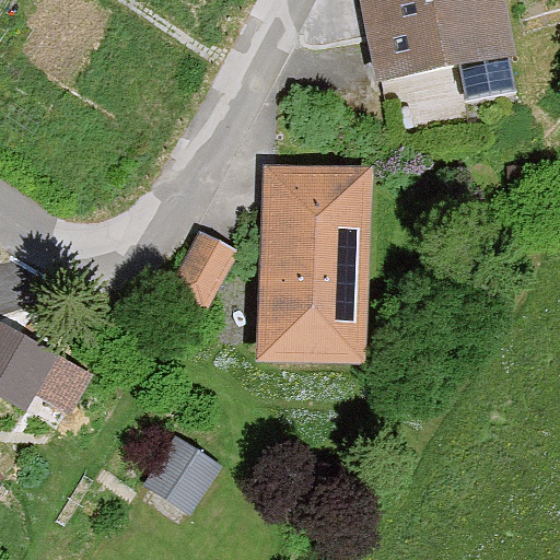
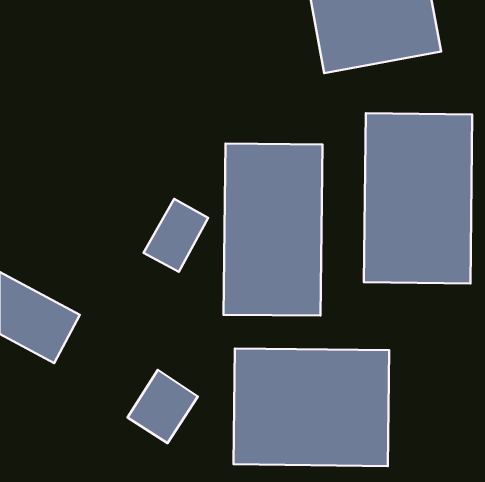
building: none -> [364,113,472,283]
building: none -> [233,348,389,466]

